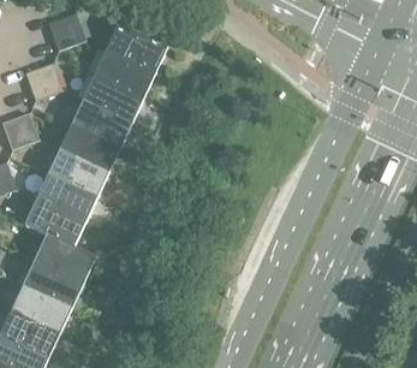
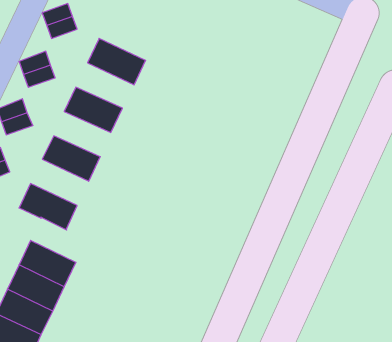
building: [106,24,166,72] -> none
building: [82,75,142,121] -> none
building: [59,125,118,172] -> none
building: [35,174,95,222] -> none
building: [35,235,93,281] -> none

